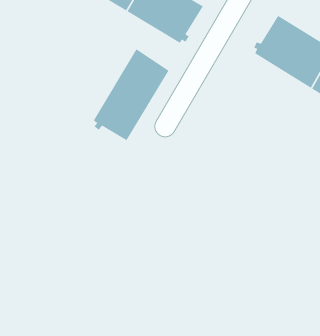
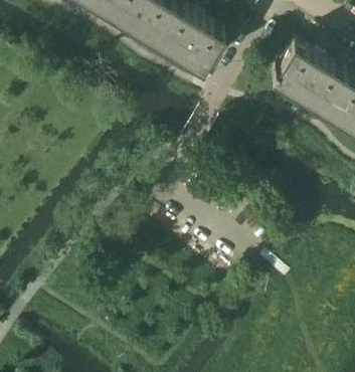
building: [93,48,169,141] -> none

